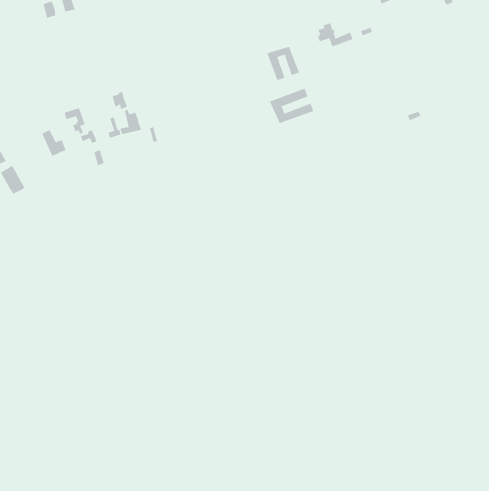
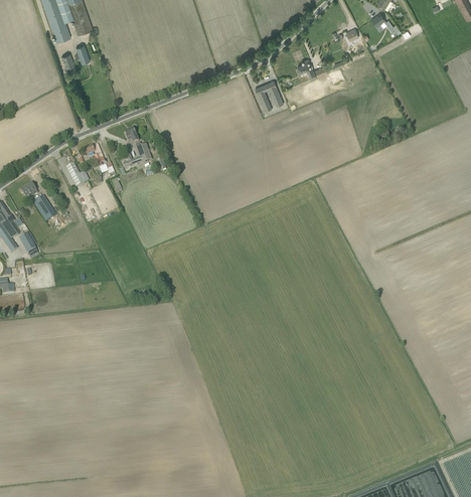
building: [269,88,314,124] -> none

